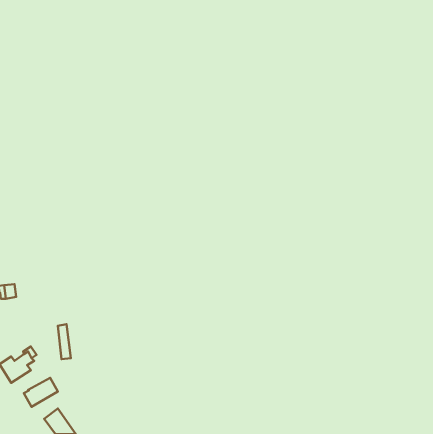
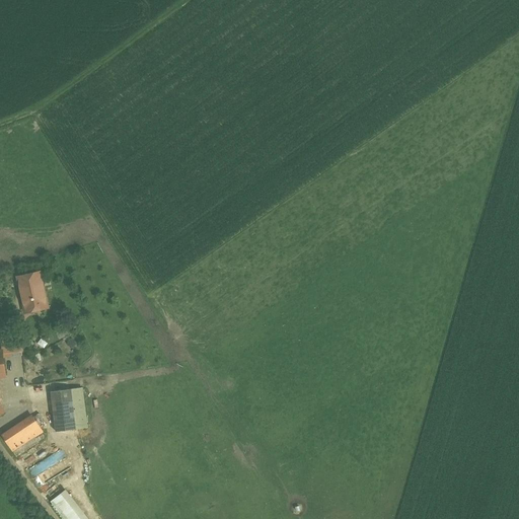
building: none -> [15,271,45,311]
building: none -> [49,388,73,431]

